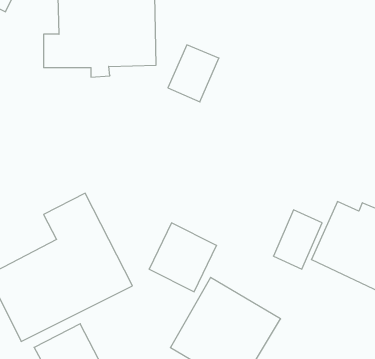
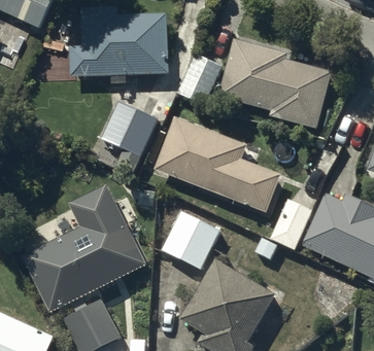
building: none -> [218,38,333,128]
building: none -> [102,108,157,177]
building: none -> [154,116,279,211]

